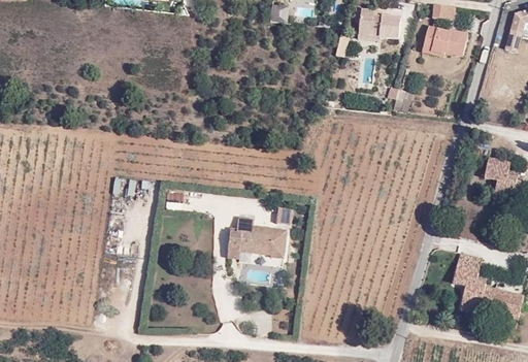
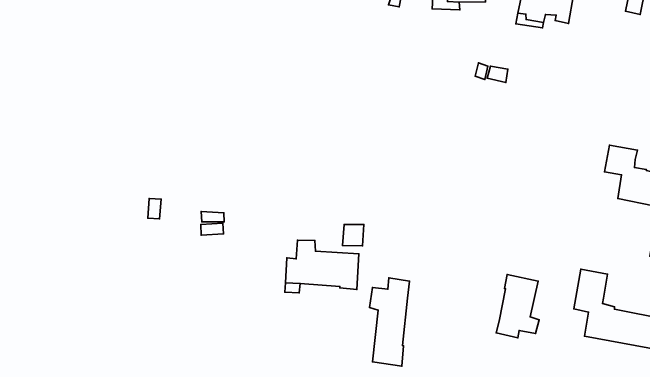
building: none -> [370,278,410,366]
building: none -> [496,274,539,338]

